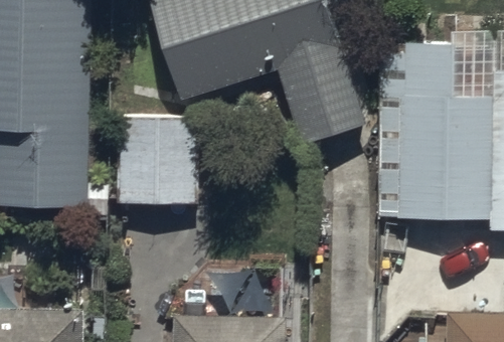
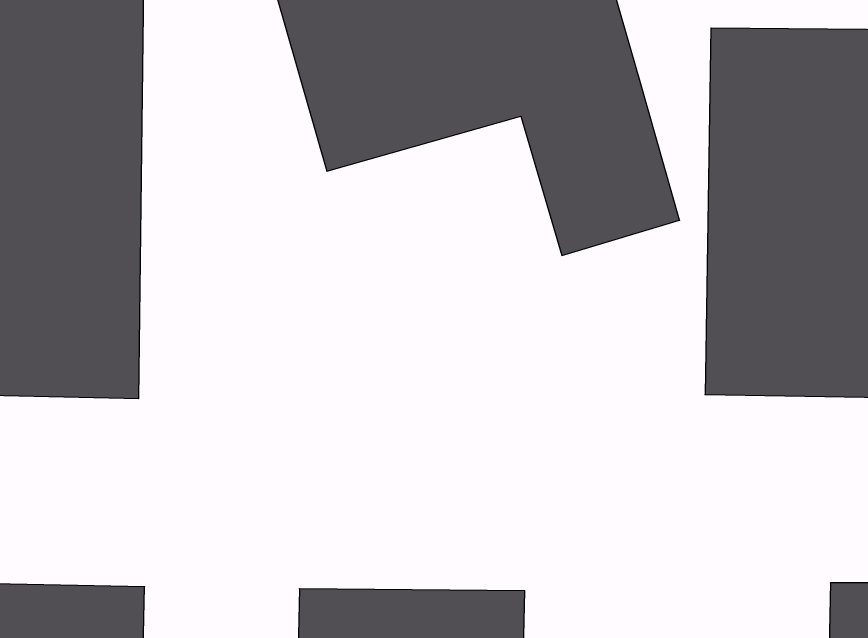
building: [112,114,197,212] -> none

